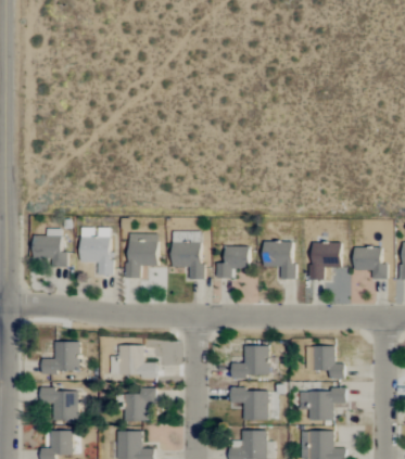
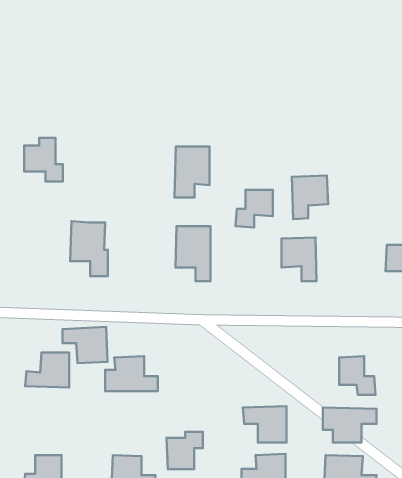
building: [34,230,67,268] -> [24,138,63,182]
building: [127,234,157,279] -> [174,146,210,198]
building: [311,243,342,281] -> [292,176,328,219]
building: [216,247,249,280] -> [235,190,273,227]
building: [231,345,269,377] -> none
building: [40,388,79,420] -> [62,327,107,363]
building: [124,388,155,421] -> [167,432,203,469]

